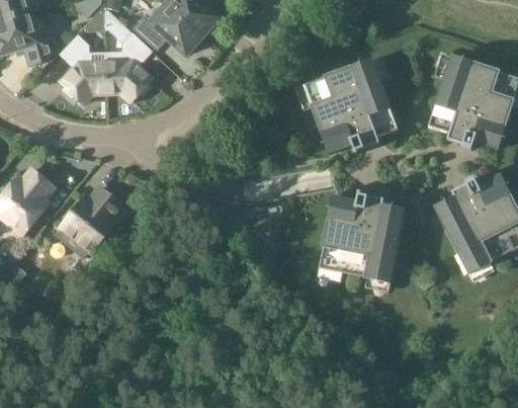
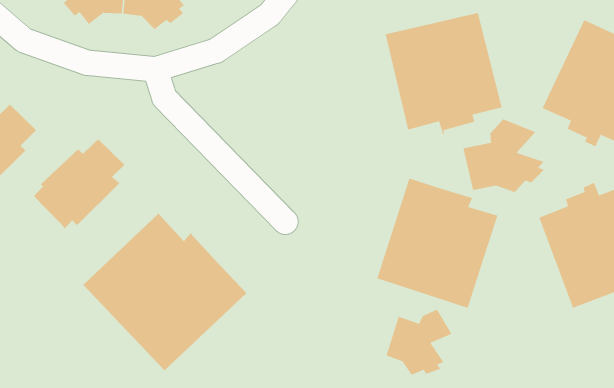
building: none -> [463,118,545,193]
building: none -> [82,213,247,371]
building: none -> [386,309,452,376]

